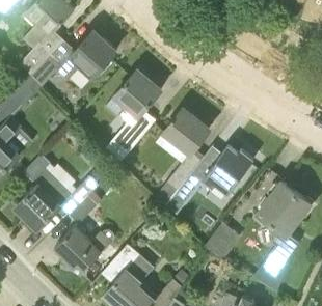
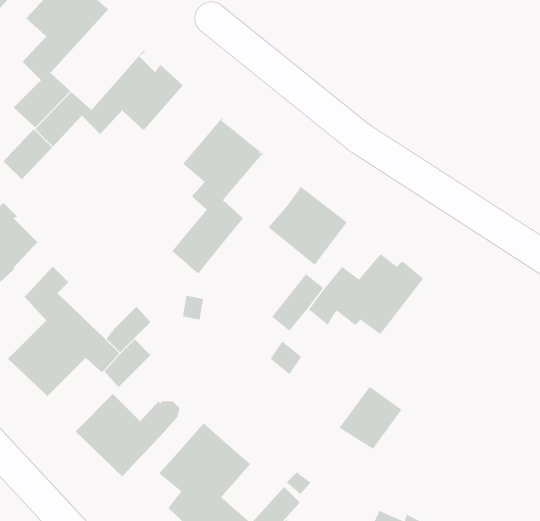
building: [254,183,311,290] -> none

